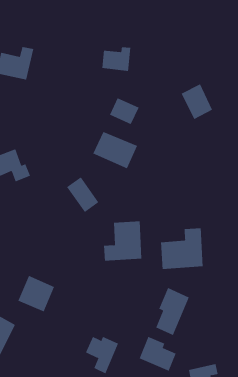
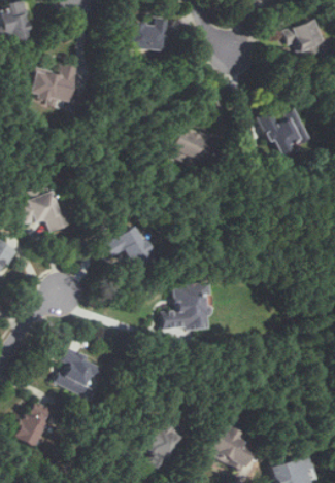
building: none -> [281,19,321,57]
building: [102,47,131,72] -> [128,19,165,49]
building: [92,131,138,169] -> none
building: [160,227,203,270] -> none
building: [155,287,190,336] -> none

